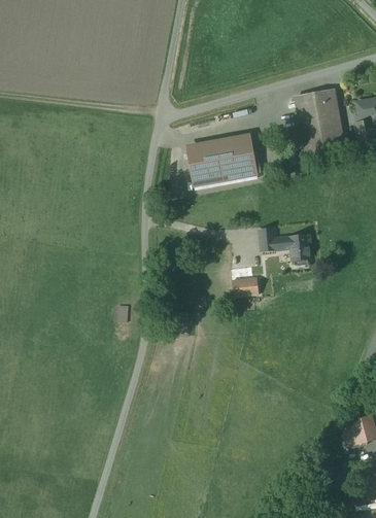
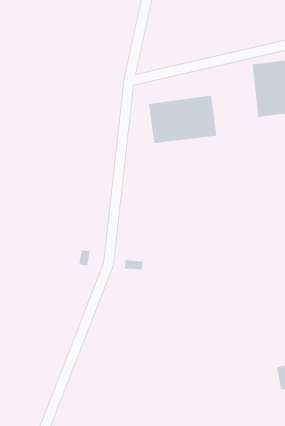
building: [258,227,312,260] -> none
building: [233,275,260,296] -> none

